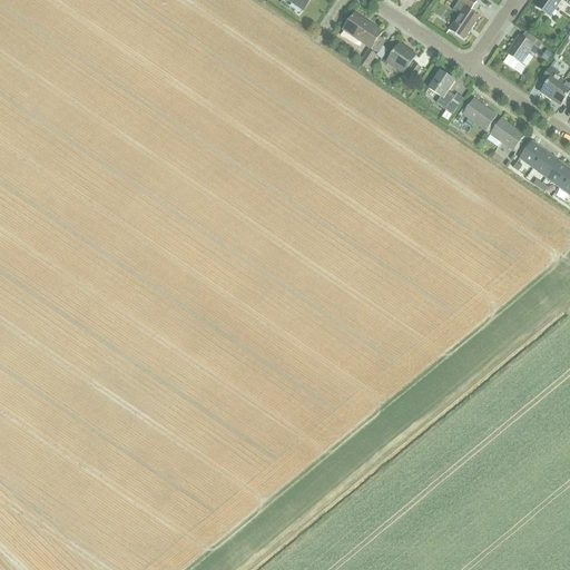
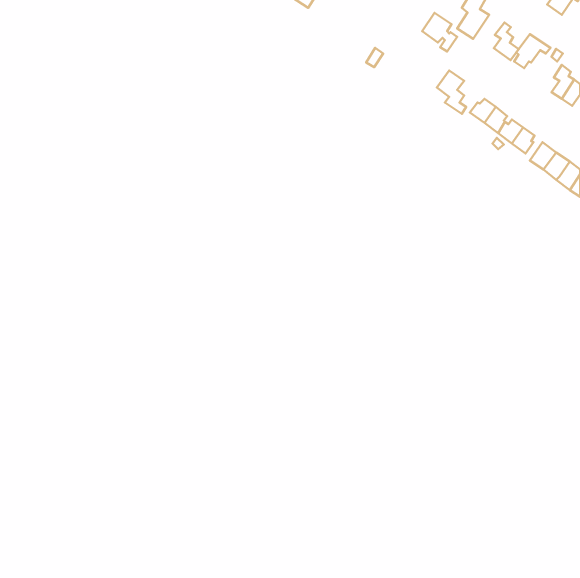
building: [343,11,381,46] -> none
building: none -> [494,22,519,60]
building: [386,41,421,79] -> [422,13,457,52]

